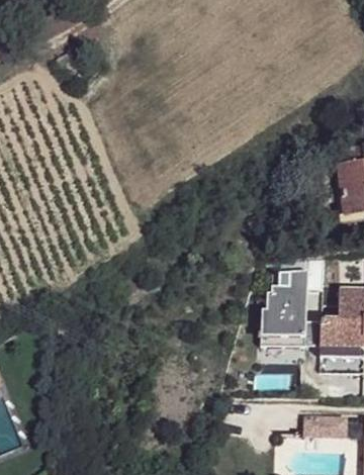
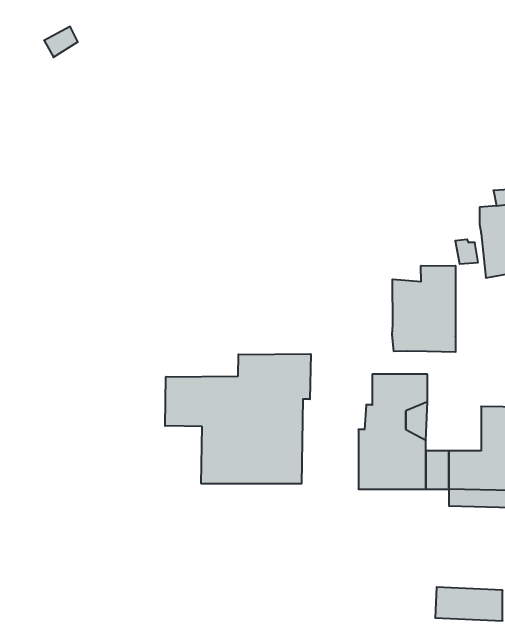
building: none -> [392,266,456,352]
building: none -> [165,354,311,484]

